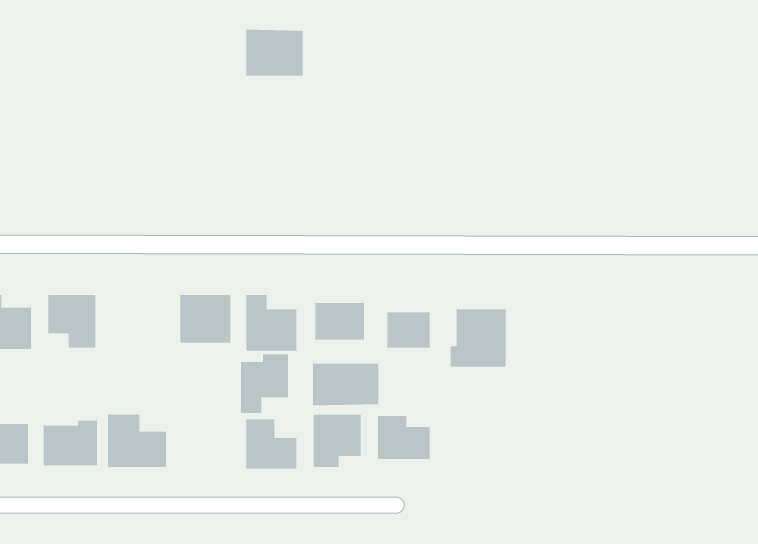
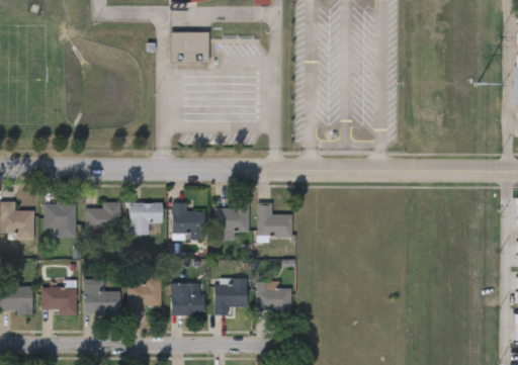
building: none -> [85,201,119,234]
building: [450,308,506,368] -> none
building: [240,354,289,414] -> [128,277,160,315]
building: [313,363,379,406] -> none

